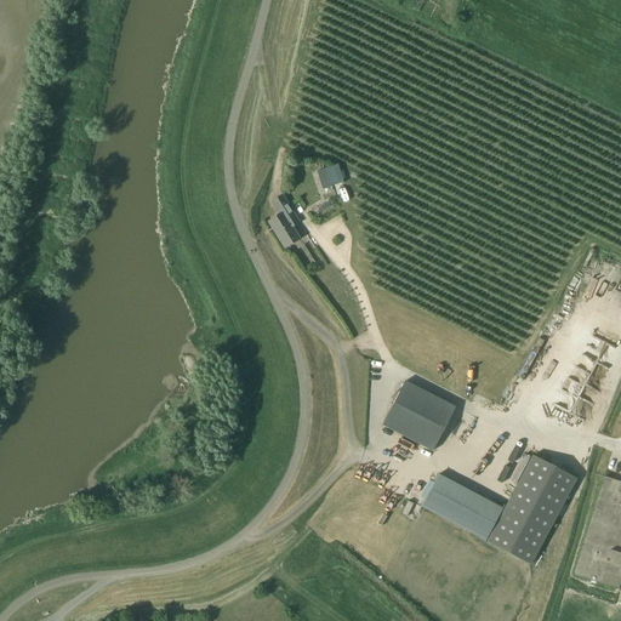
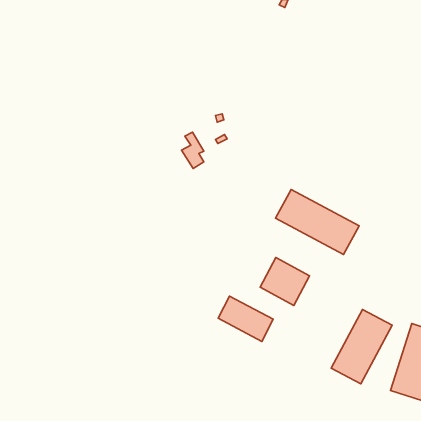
building: none -> [275,189,359,255]
building: [422,473,503,540] -> [218,296,273,341]

